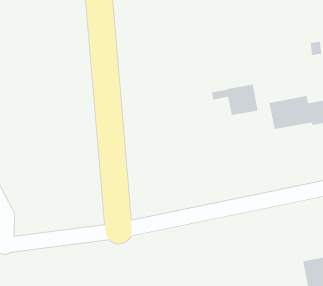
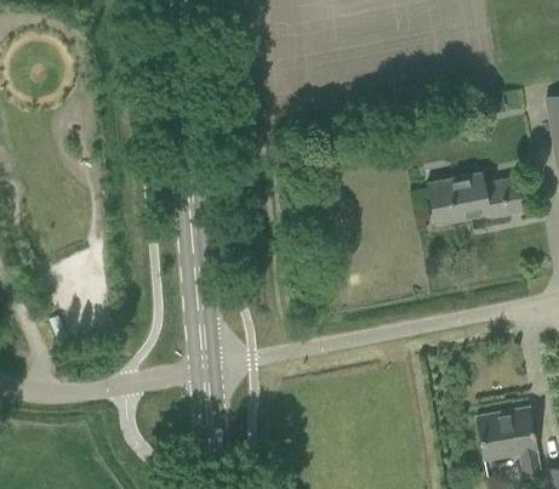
building: [211,84,259,116] -> none

